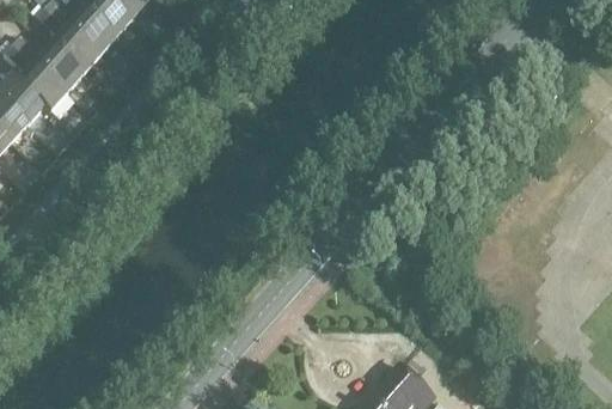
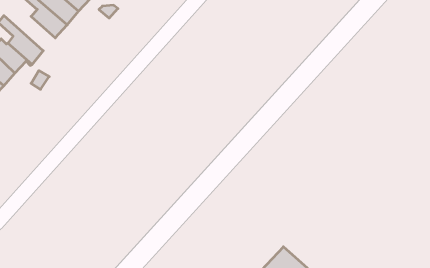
building: [10,35,81,92] -> none

